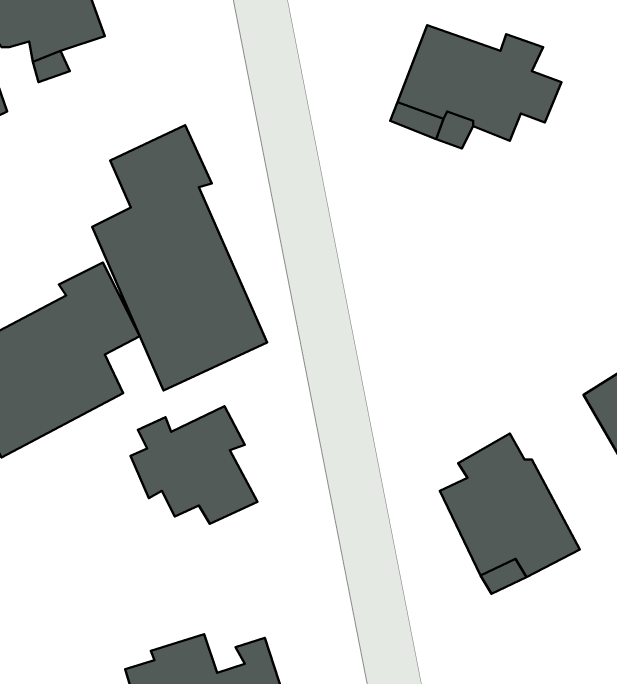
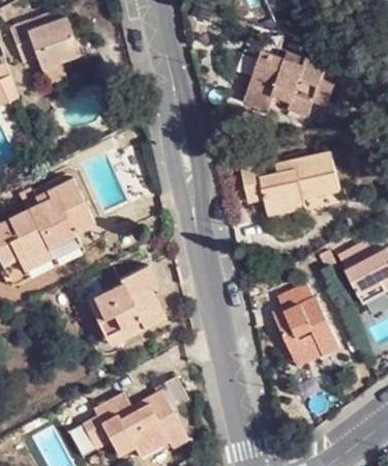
building: [92,125,267,390] -> none
building: none -> [234,147,335,216]
building: none -> [82,291,137,344]

